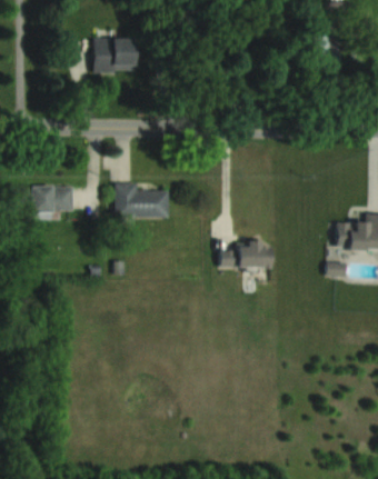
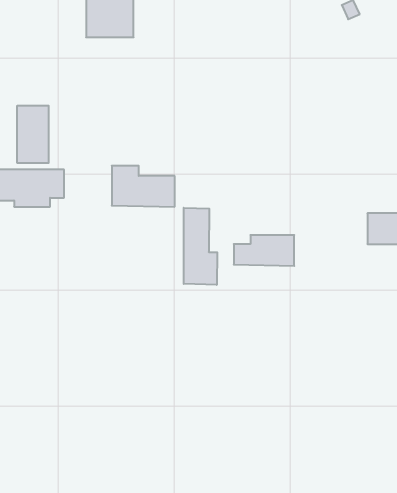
building: none -> [17,106,49,163]
building: none -> [184,208,217,285]

